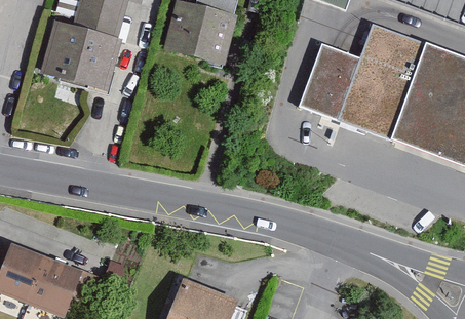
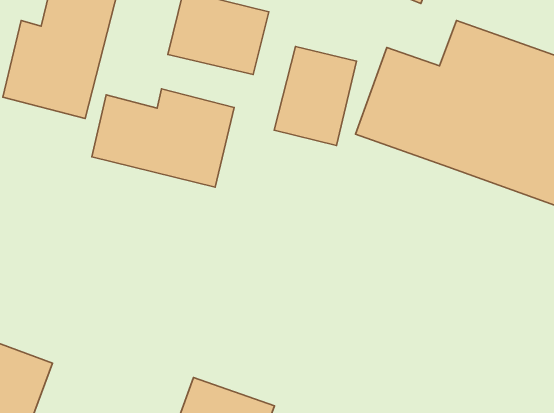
building: none -> [274,47,357,145]
building: none -> [92,89,234,187]

